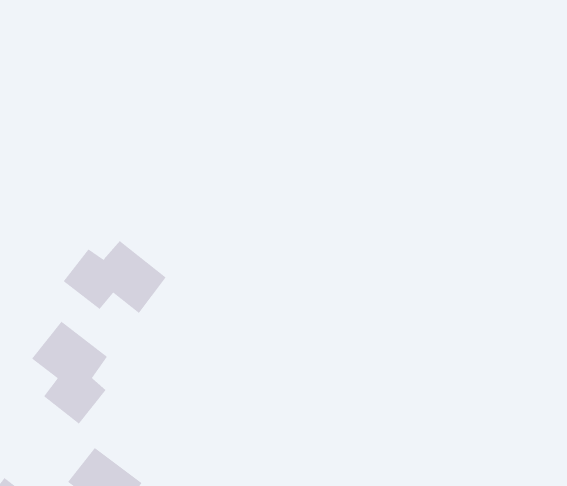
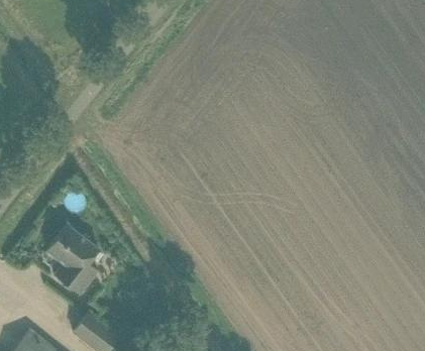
building: [63,240,167,314] -> none

